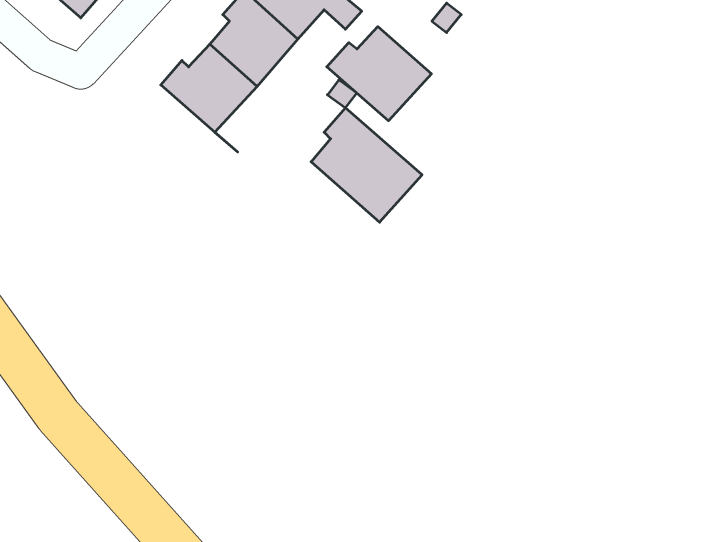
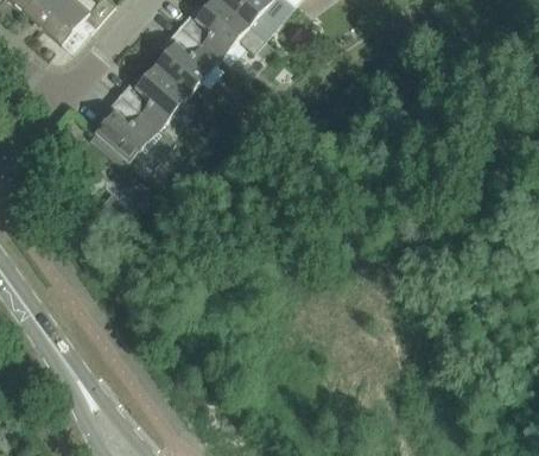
building: [327,27,431,121] -> none
building: [311,108,422,222] -> [94,95,175,178]

